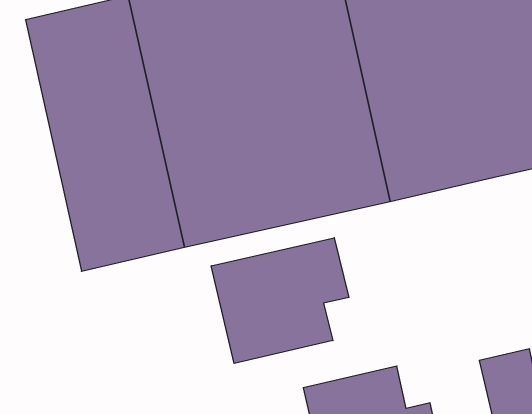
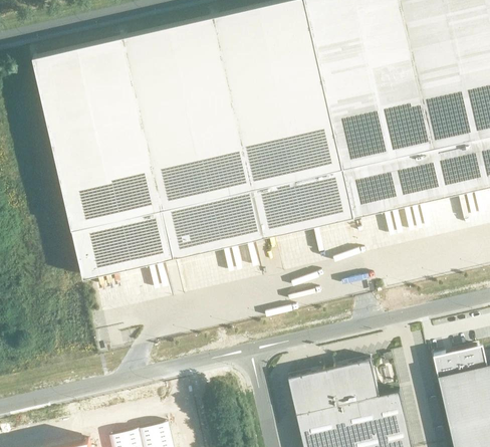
building: [211,238,349,363] -> none

